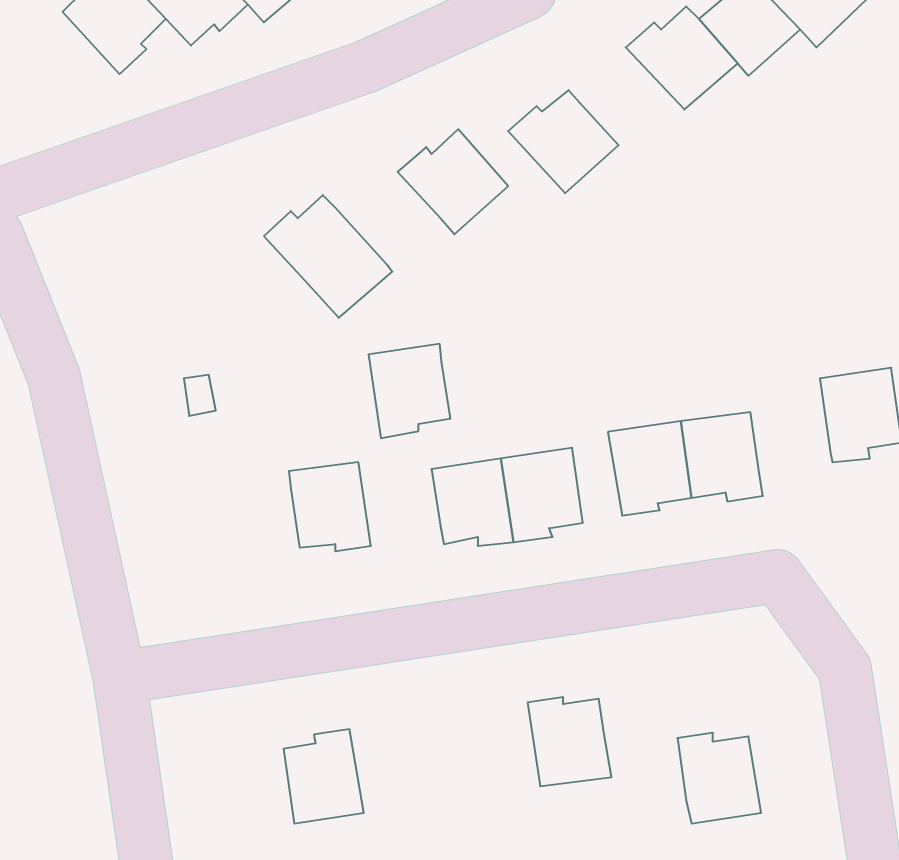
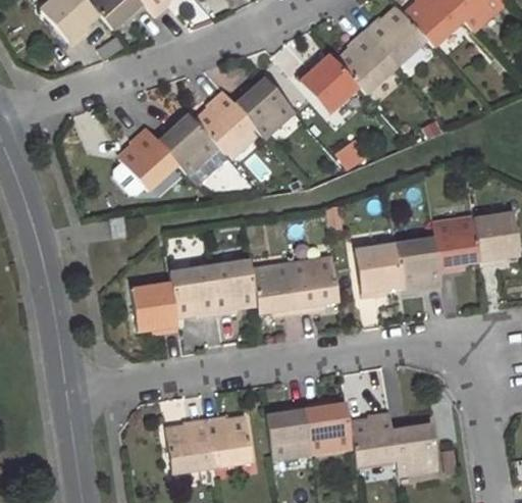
building: none -> [336,30,397,93]
building: none -> [197,91,257,154]
building: none -> [120,128,179,191]
building: [368,344,450,438] -> [210,261,257,315]
building: none -> [432,219,480,273]
building: none -> [130,283,178,334]
building: none -> [267,405,314,459]
building: none -> [351,412,398,467]
building: none -> [205,417,253,468]

